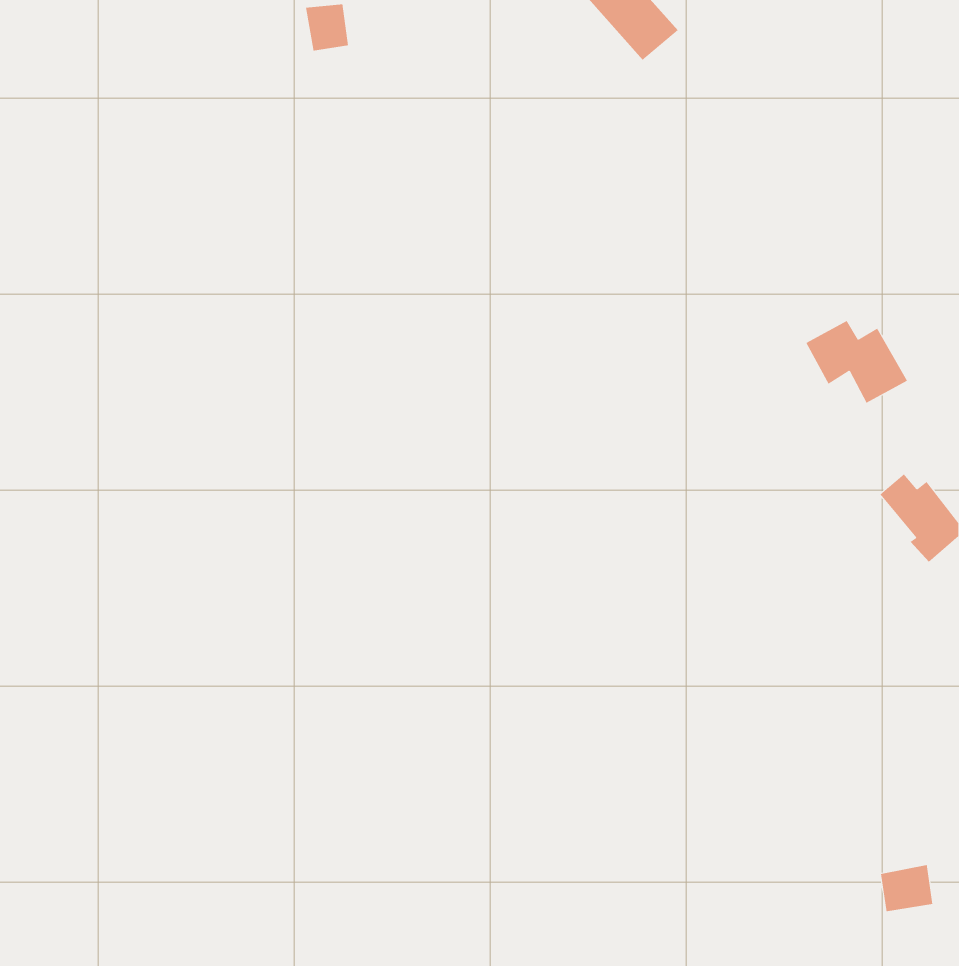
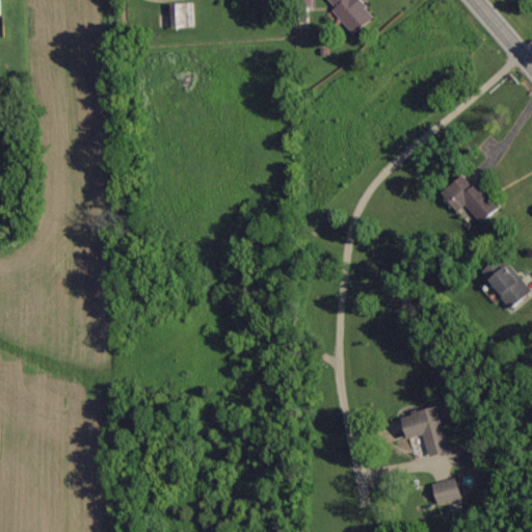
building: none -> [398,406,448,456]
building: [880,864,933,912] -> [430,477,459,503]

